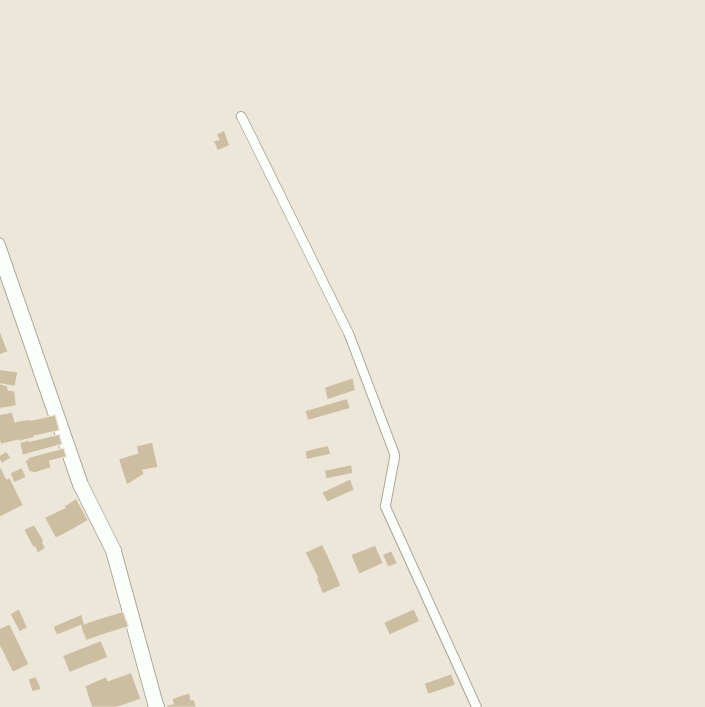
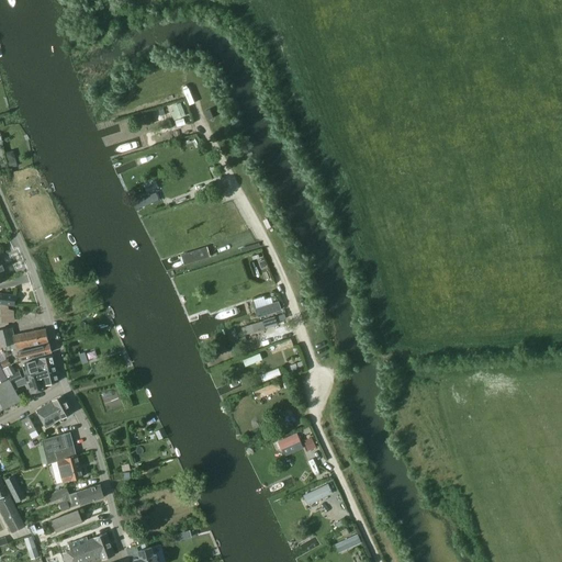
building: [118,442,158,485] -> [25,362,57,396]
building: [305,544,341,594] -> none
building: none -> [40,432,81,483]

